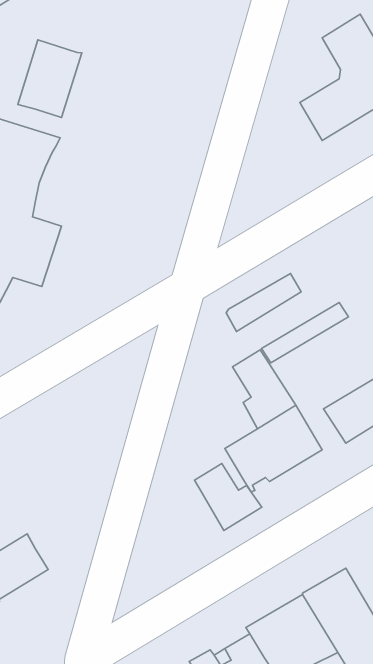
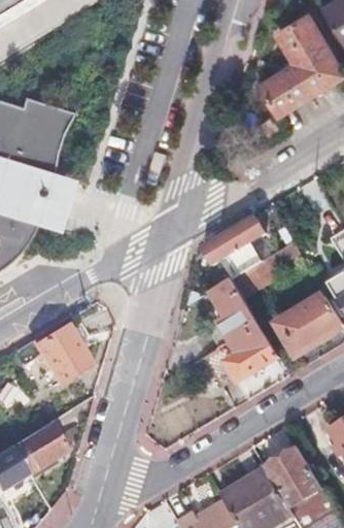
building: [18,40,82,118] -> none
building: none -> [34,326,89,383]
building: [194,463,262,530] -> none

